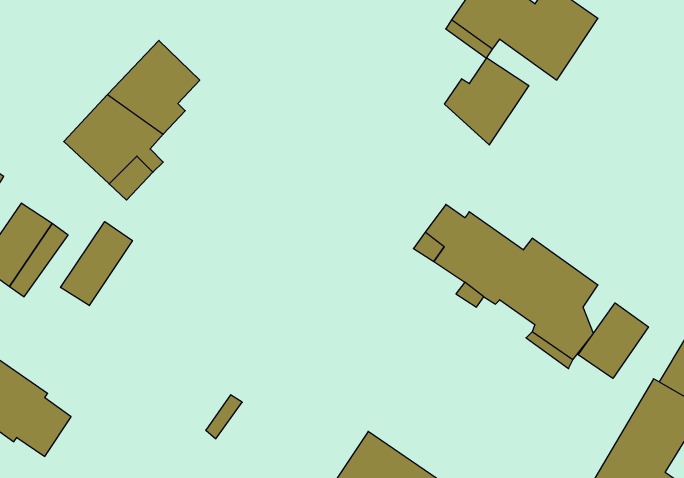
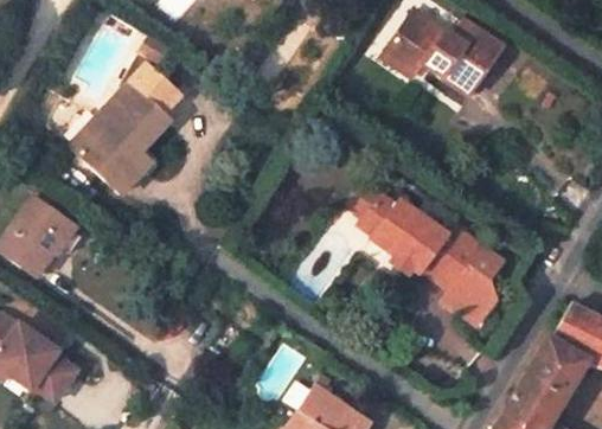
building: [445,58,529,145] -> none
building: [61,222,132,306] -> none
building: [578,303,648,378] -> none

